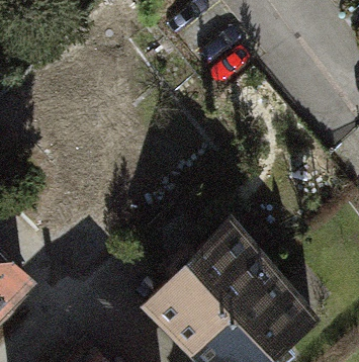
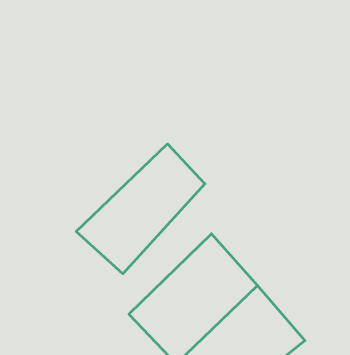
building: none -> [76,144,205,274]

